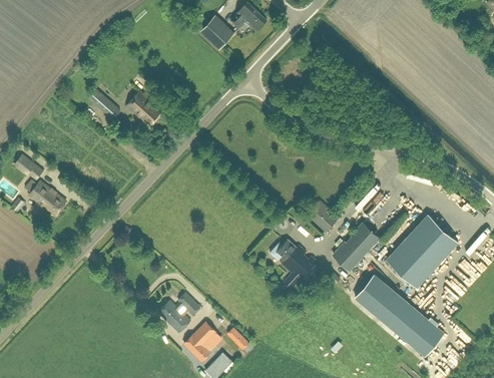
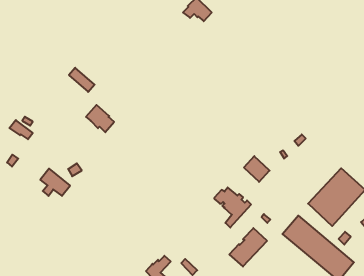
building: [200,15,234,48] -> none
building: [125,91,160,125] -> [86,105,114,132]
building: [29,180,66,215] -> [40,169,70,196]
building: [333,222,380,270] -> [229,228,267,267]
building: [158,293,195,332] -> none

